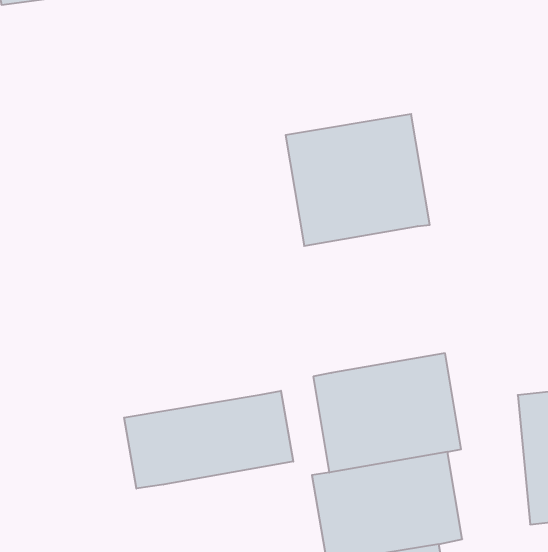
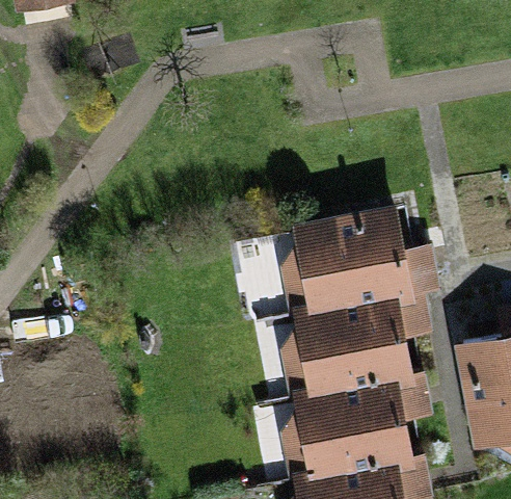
building: [286,114,430,246] -> [290,209,411,320]
building: [124,391,293,489] -> none

